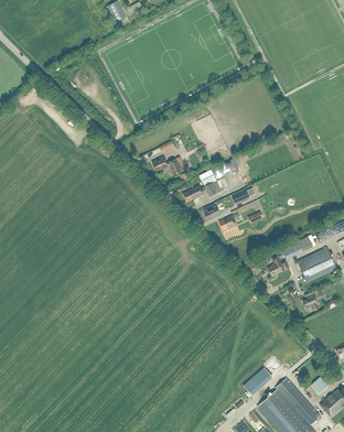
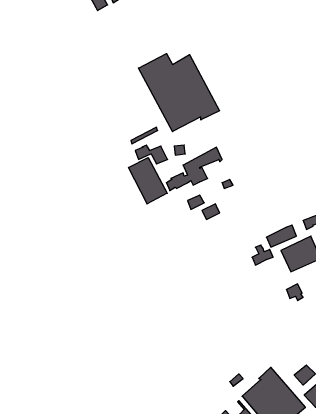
building: none -> [138,54,220,132]
building: none -> [129,158,167,204]

